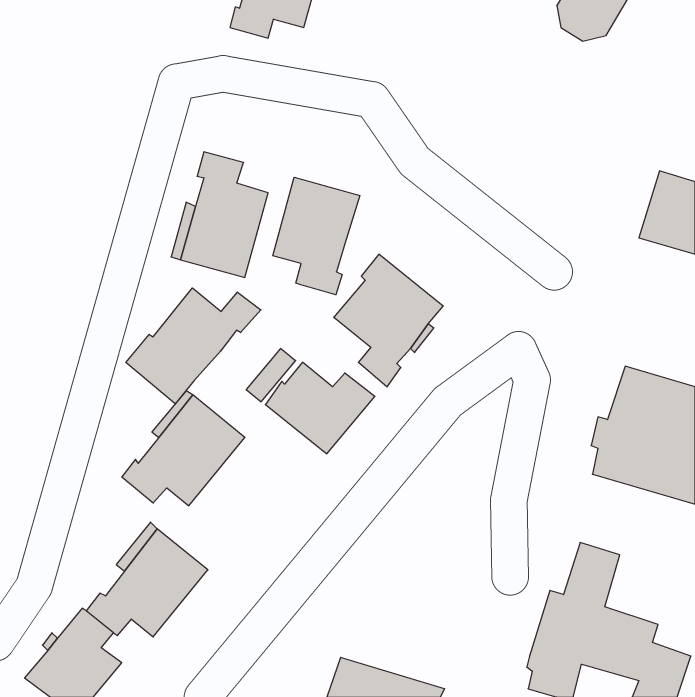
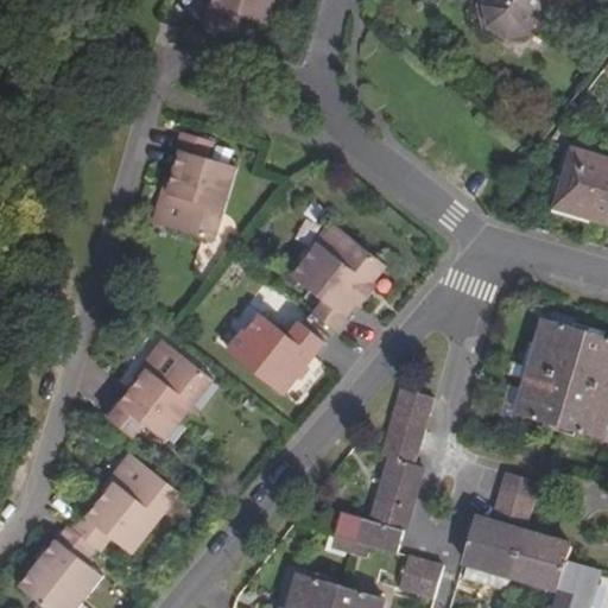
building: [273,177,360,295] -> none
building: [126,288,261,404] -> none
building: none -> [342,388,431,552]
building: none -> [398,555,442,598]

